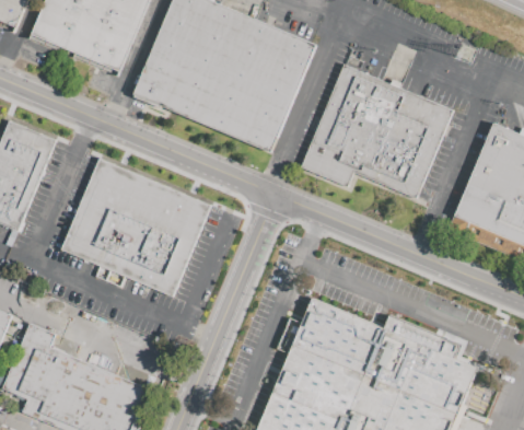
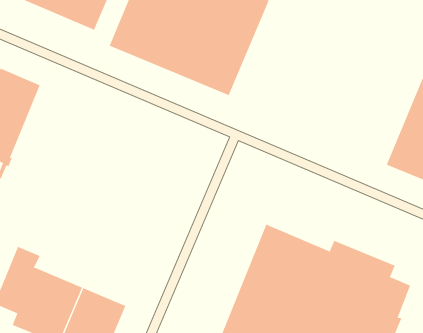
building: [300,65,453,198] -> none
building: [60,159,211,297] -> none

